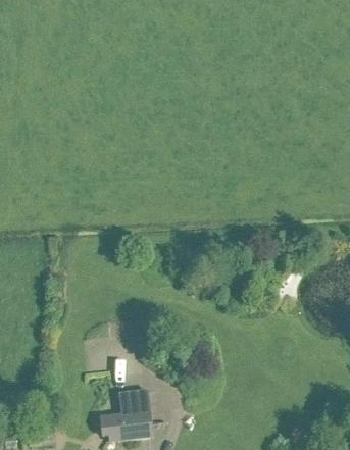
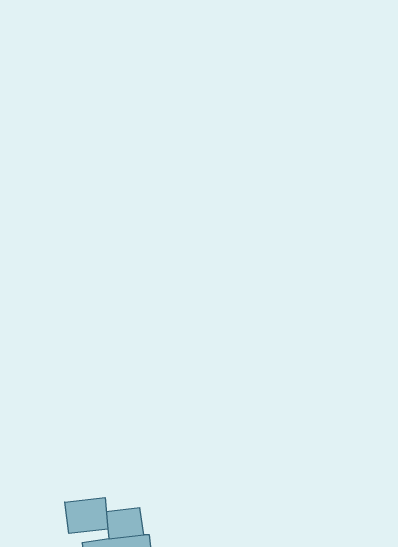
building: none -> [65,498,108,533]

